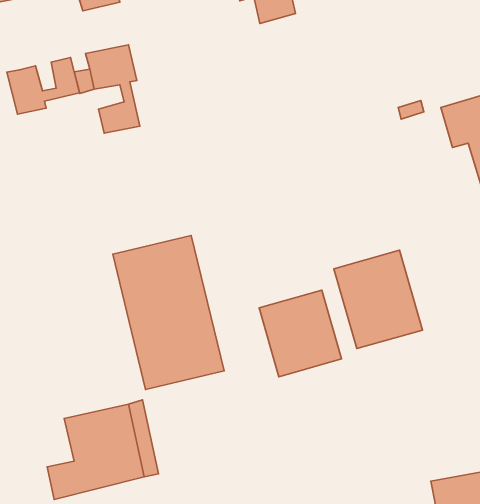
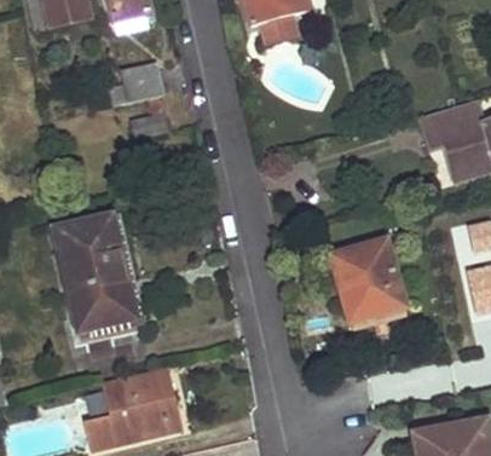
building: [7,58,79,114] -> none
building: [113,236,224,390] -> [52,212,146,342]
building: [259,290,342,377] -> none

